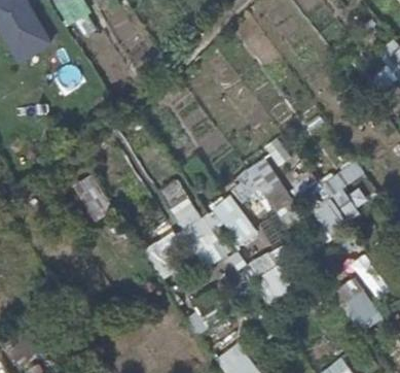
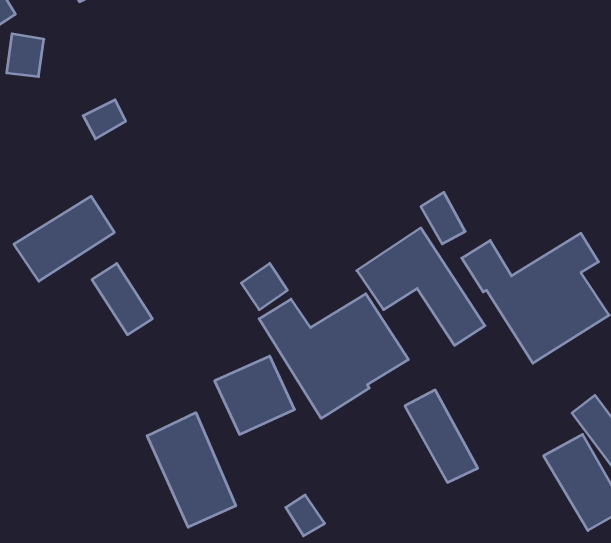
building: none -> [14,196,114,281]
building: none -> [147,413,236,527]

